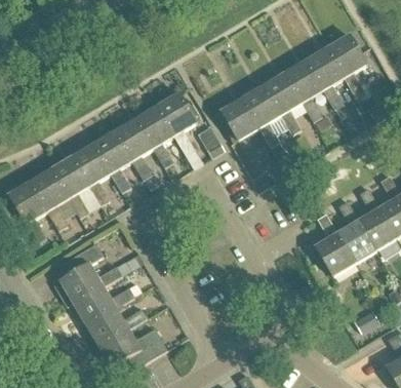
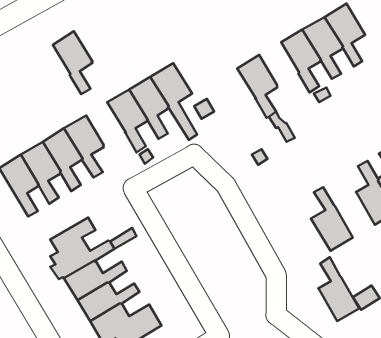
building: [263,72,302,133] -> none
building: [218,98,259,158] -> none
building: [93,130,132,192] -> [53,31,93,94]
building: [335,200,375,263] -> [318,257,359,321]

